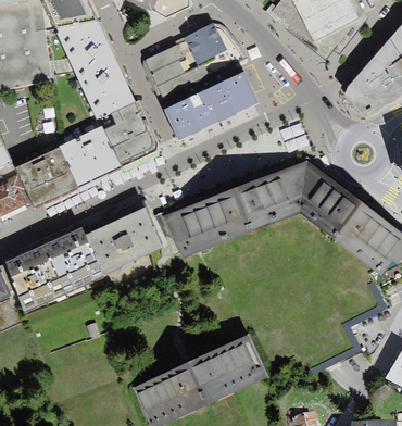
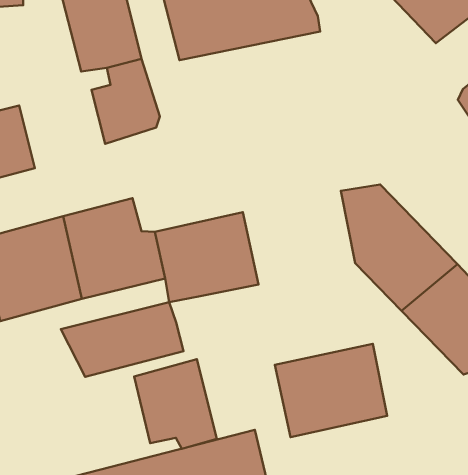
building: [159,61,274,143] -> none
building: [59,126,117,186] -> none
building: [217,166,297,237] -> [275,344,387,437]
building: none -> [61,302,183,377]
building: none -> [134,359,217,449]

